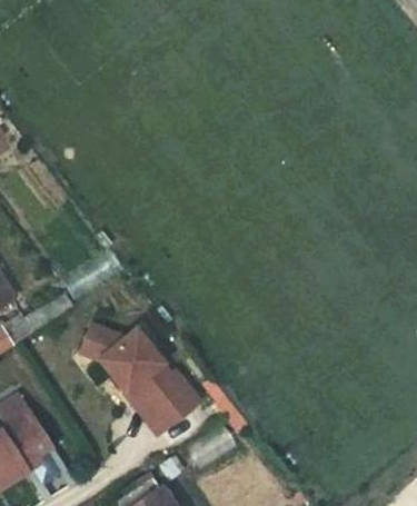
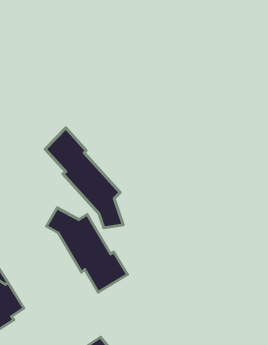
building: none -> [45,128,123,228]

